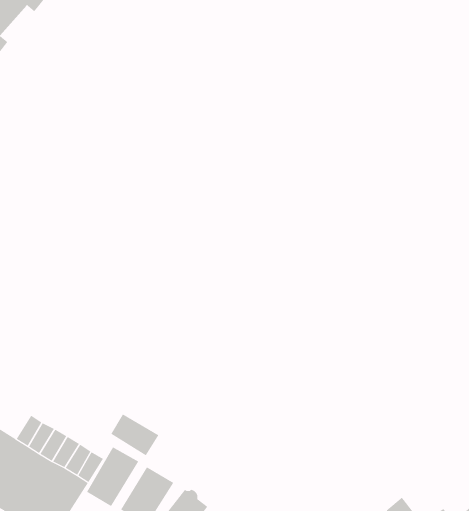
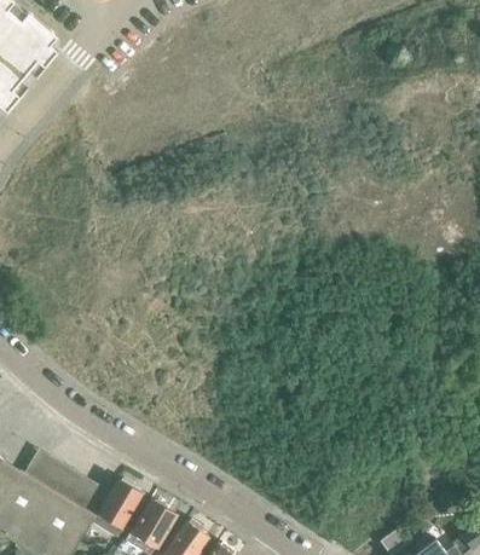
building: [110,414,159,456] -> none

